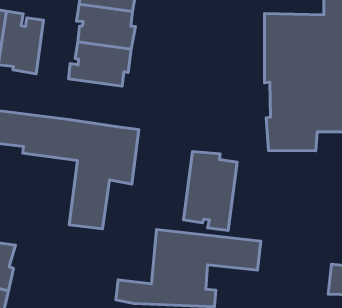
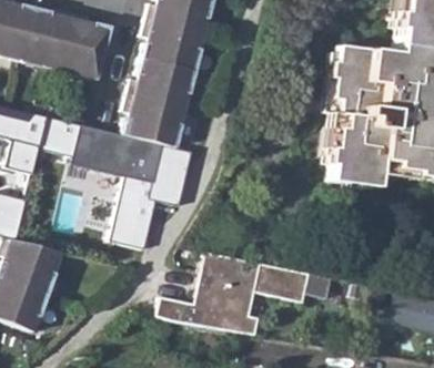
building: none -> [128,90,185,144]
building: [184,152,237,230] -> none

